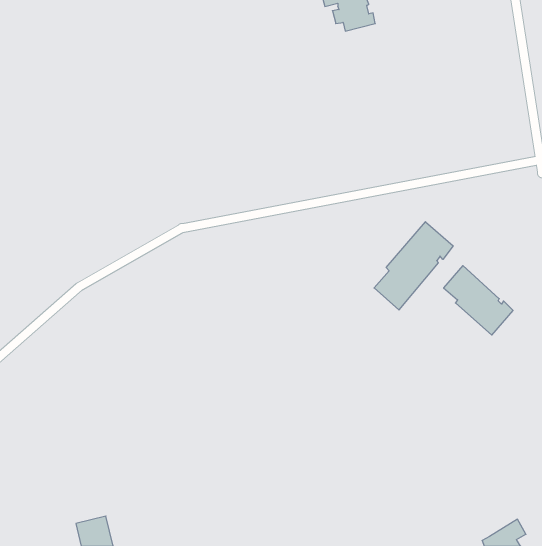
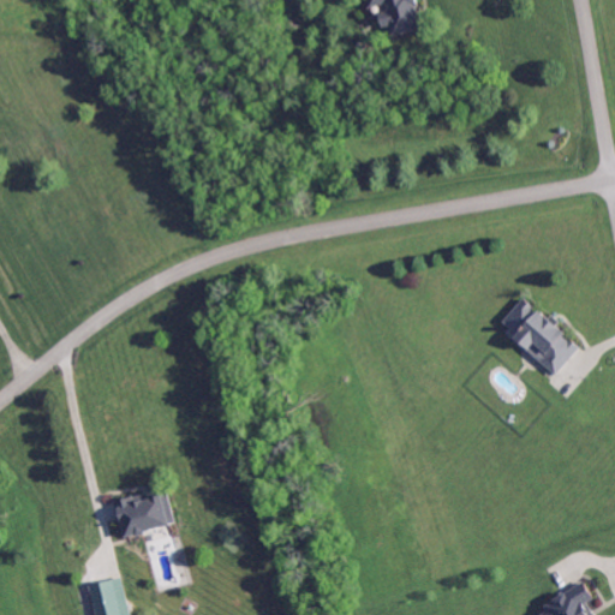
building: [374,222,453,310] -> none
building: none -> [114,489,172,538]

